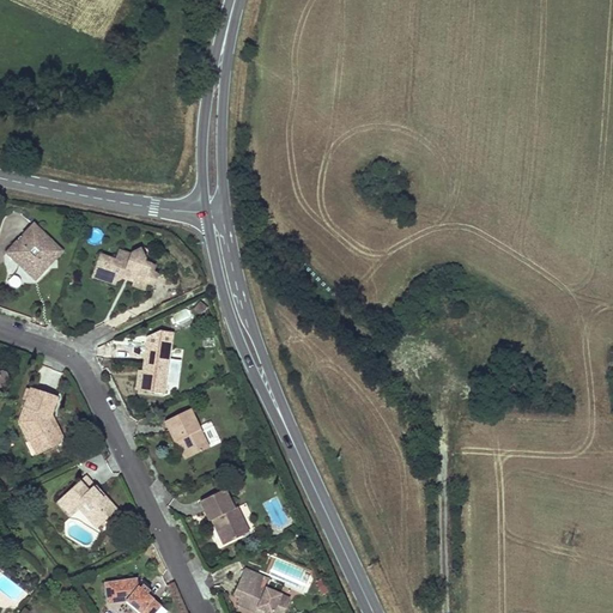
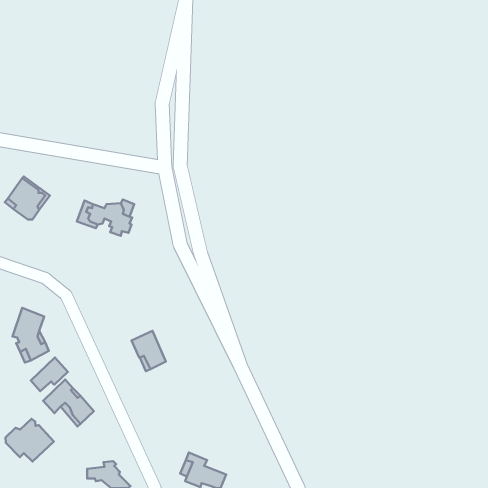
building: [140,335,171,397] -> none
building: none -> [31,357,68,391]
building: [200,488,244,545] -> none
building: none -> [5,419,54,462]

